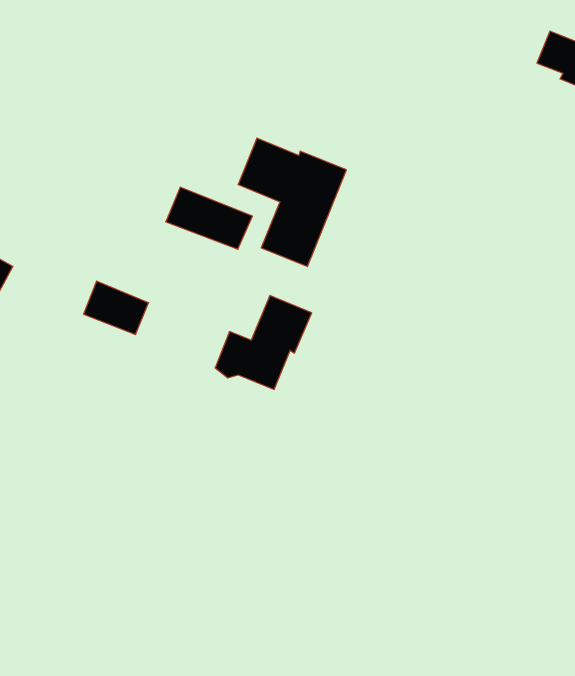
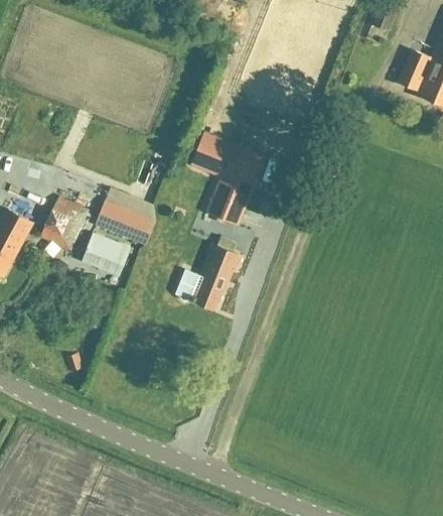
building: [166,187,252,249] -> [95,201,155,244]
building: none -> [38,196,88,251]

